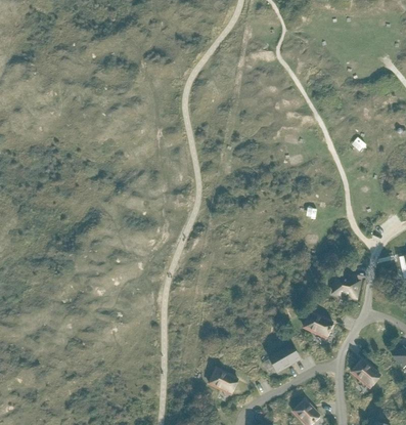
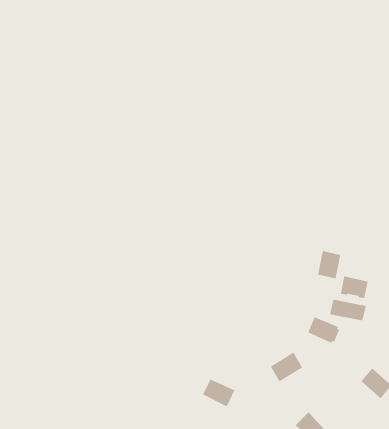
building: none -> [318,250,341,279]
building: none -> [329,299,366,321]

